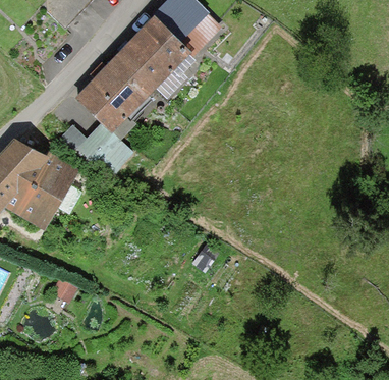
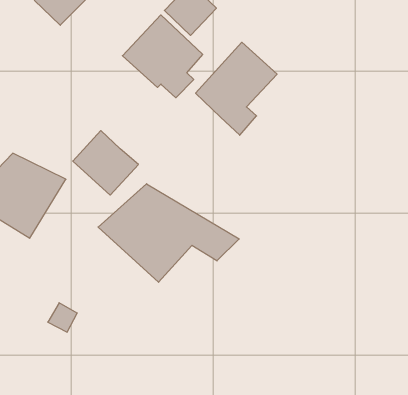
building: [77,54,151,138] -> [196,42,277,135]
building: none -> [98,184,239,282]

